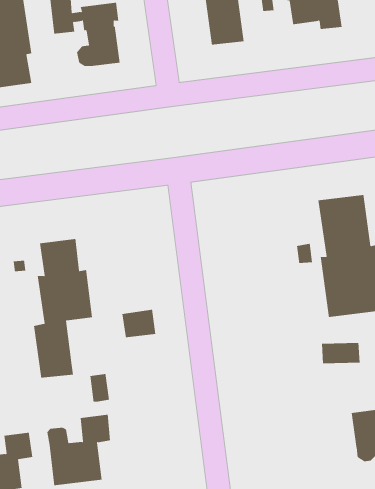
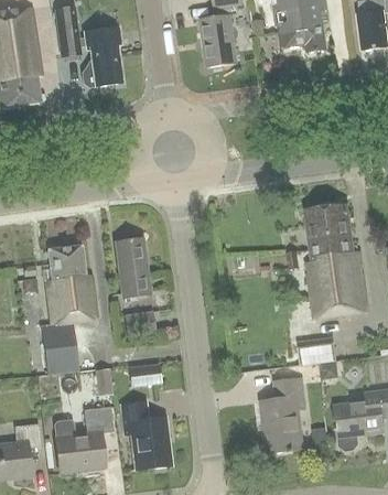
building: none -> [114,236,149,297]
building: none -> [128,363,160,386]
building: none -> [261,378,304,452]
building: none -> [121,401,171,470]

